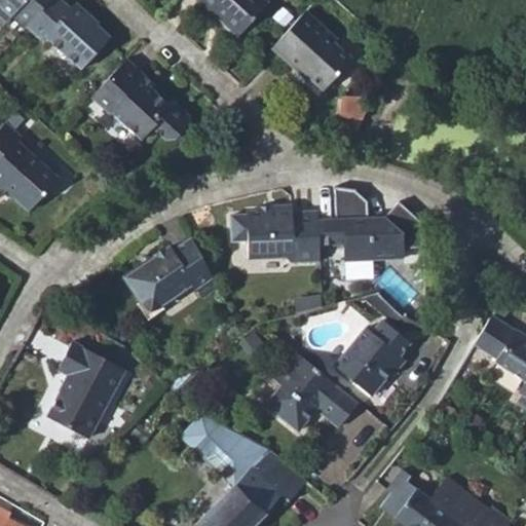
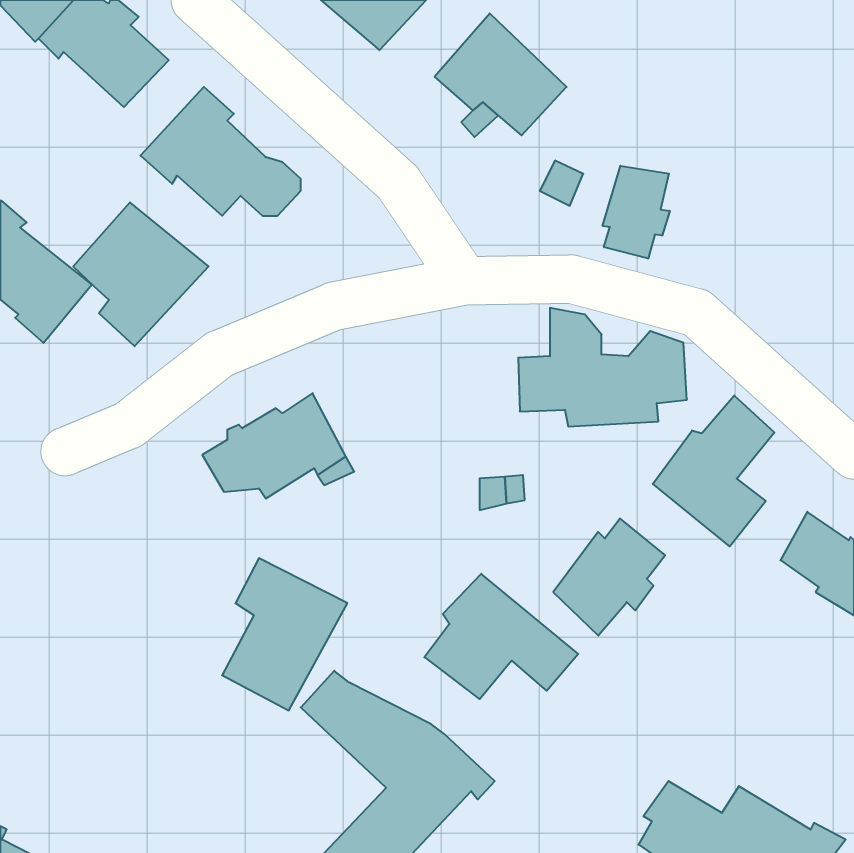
building: none -> [603,166,670,259]
building: none -> [73,202,209,346]
building: [233,206,321,267] -> none
building: none -> [653,395,774,546]
building: [52,341,129,435] -> [222,558,347,710]

